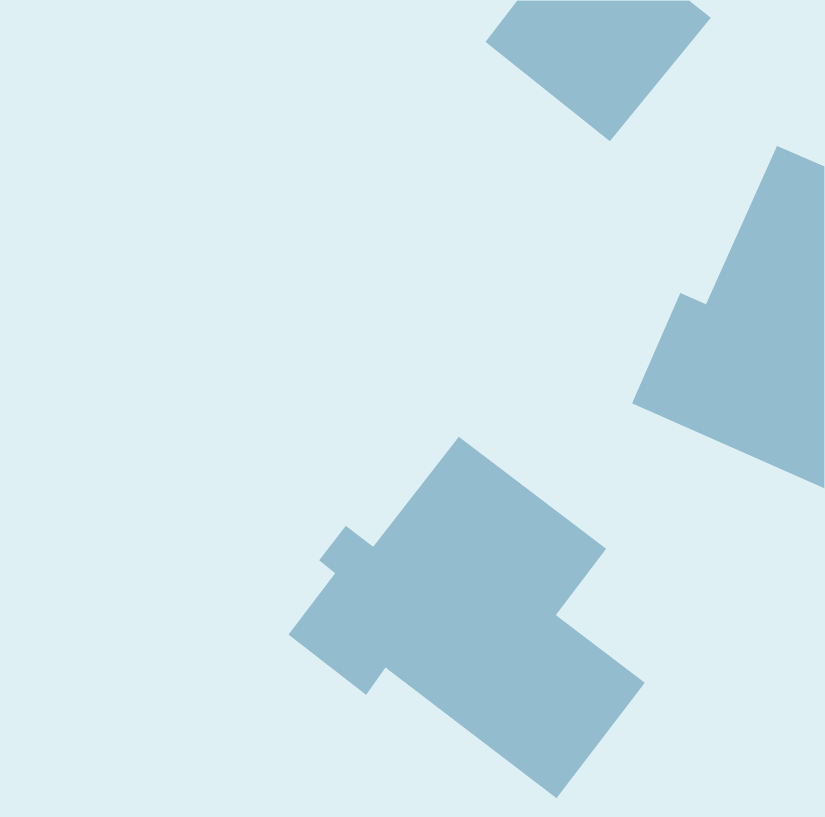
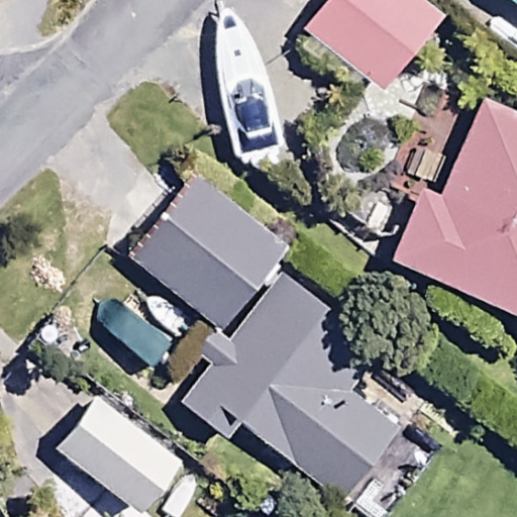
building: none -> [133,176,288,328]
building: none -> [59,395,185,512]

